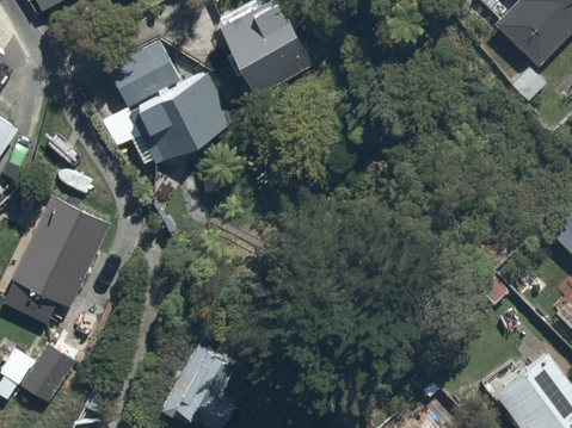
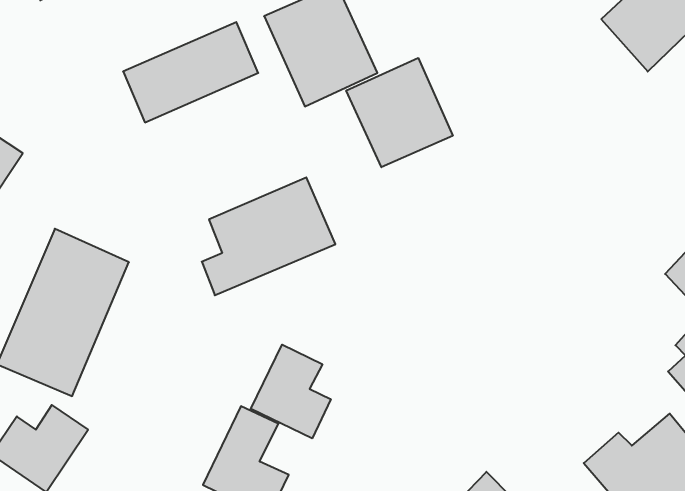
building: none -> [346,58,453,167]
building: [134,74,244,170] -> [202,177,335,295]
building: none -> [251,345,331,438]

